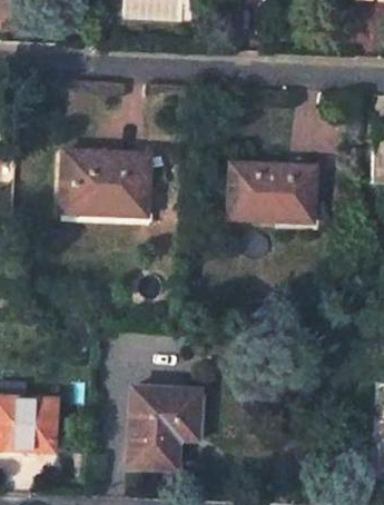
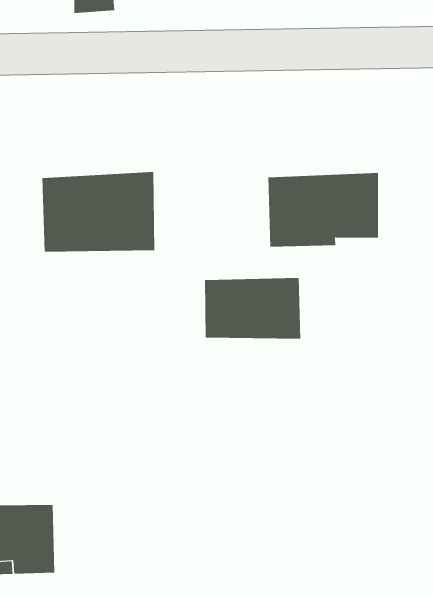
building: none -> [204,277,301,339]
building: [126,386,198,468] -> none

